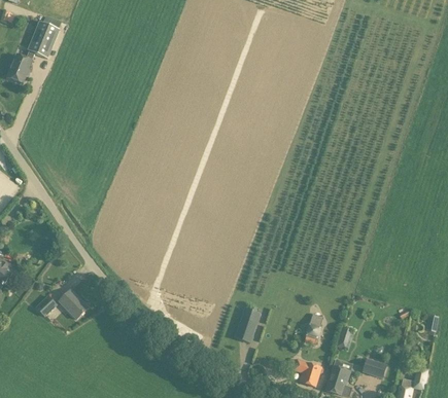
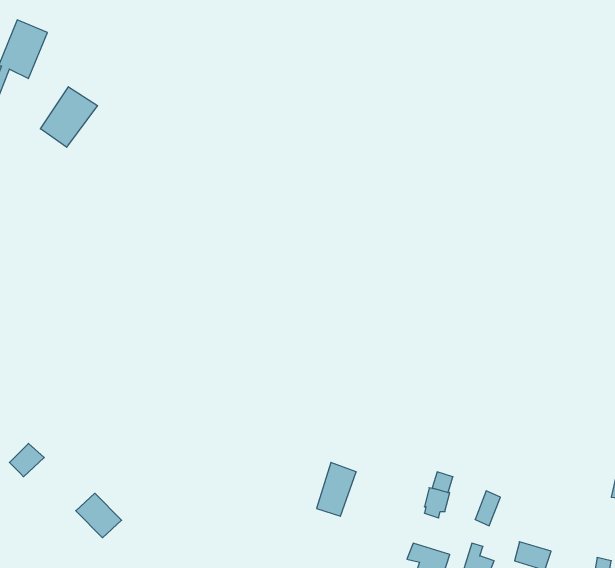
building: none -> [40,87,97,147]
building: [59,290,89,319] -> [76,493,122,538]

